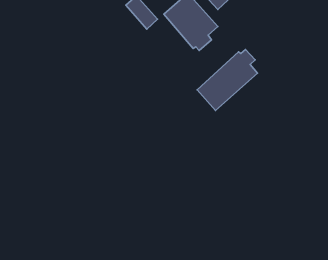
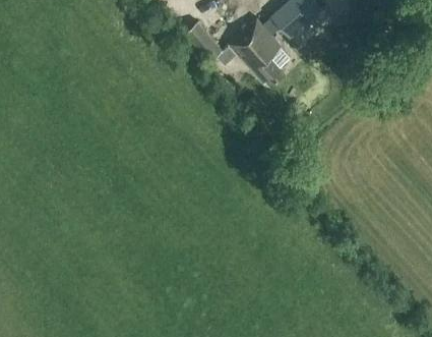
building: [197,49,258,111] -> none

